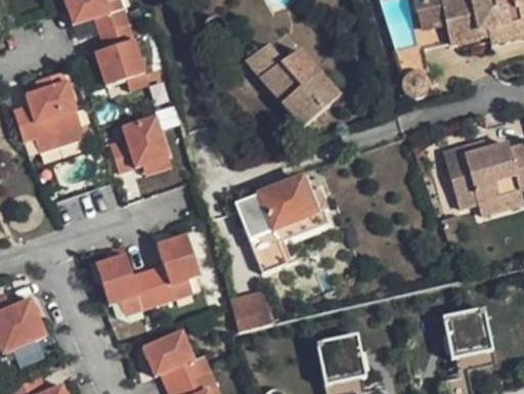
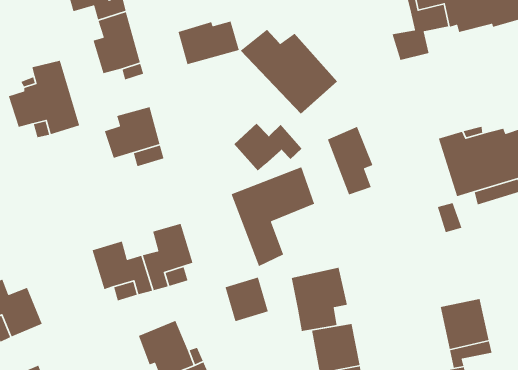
building: none -> [177,21,240,65]
building: none -> [233,123,303,171]
building: none -> [327,126,373,195]
building: none -> [291,267,348,332]

